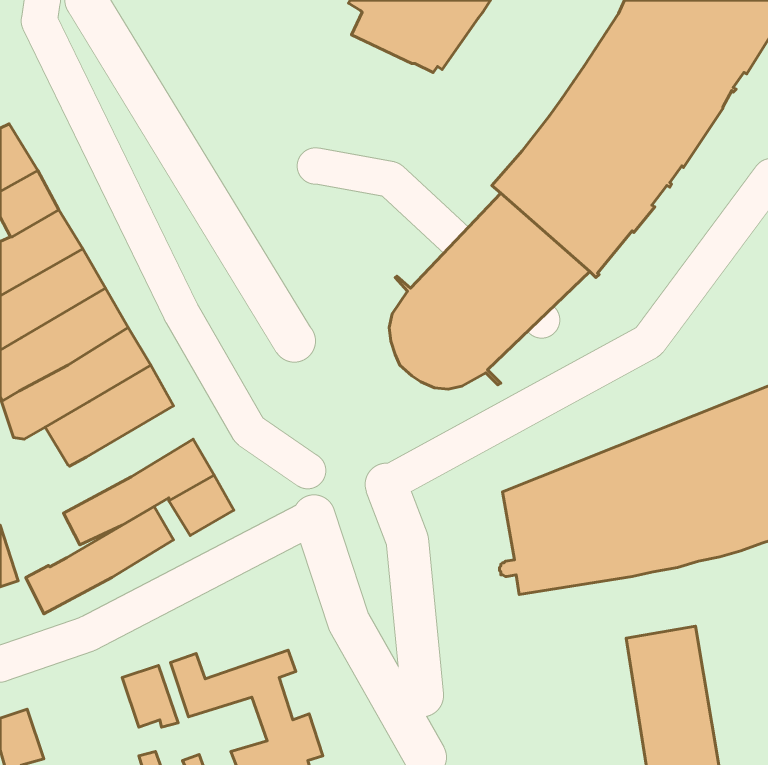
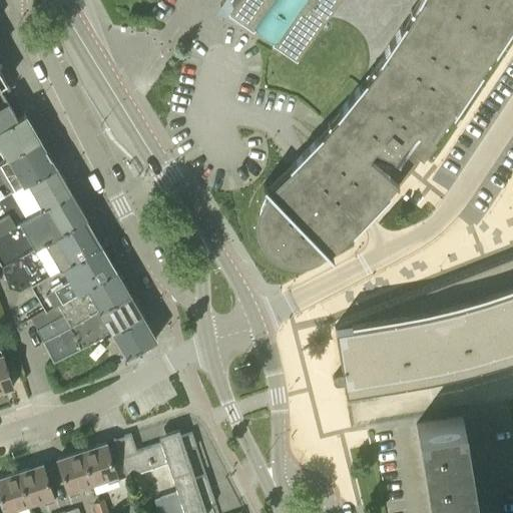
building: [26,507,174,614] -> [32,274,130,345]
building: none -> [59,454,94,499]
building: none -> [20,467,56,508]

